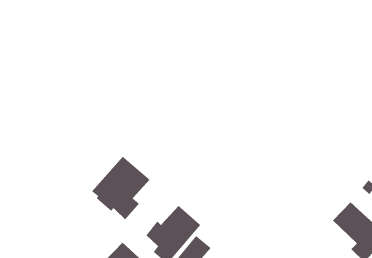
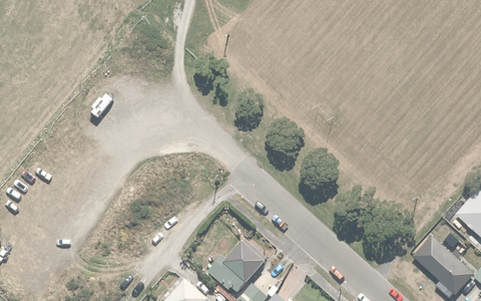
building: [91,156,151,220] -> none

